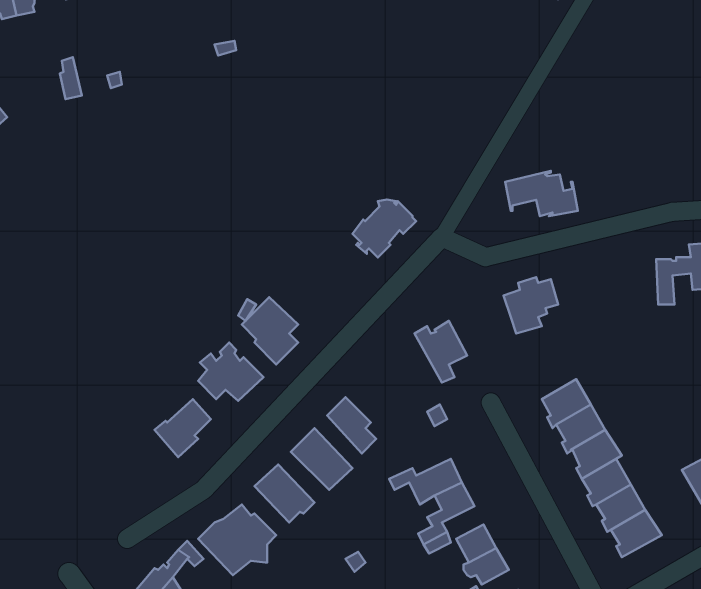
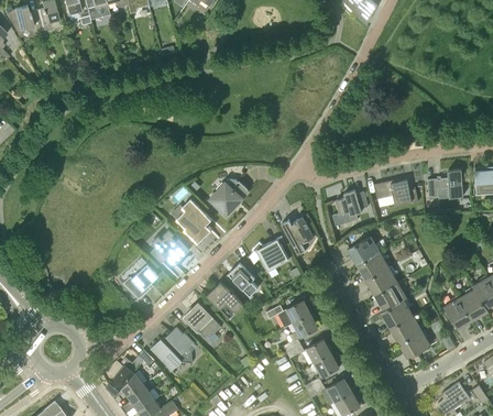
building: [505,171,578,216] -> [374,177,418,205]
building: [352,199,416,258] -> [211,178,250,214]
building: none -> [350,236,380,265]
building: none -> [253,238,289,270]

